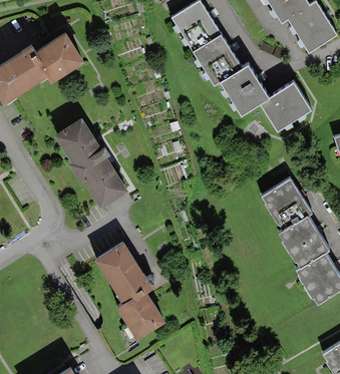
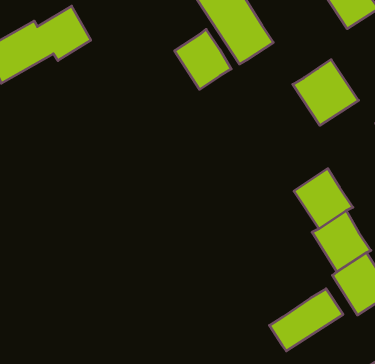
building: [220,60,270,113] -> [175,29,231,89]
building: [51,117,124,206] -> none
building: [94,241,161,338] -> none
building: none -> [269,289,343,351]

